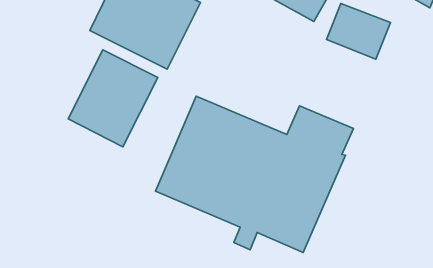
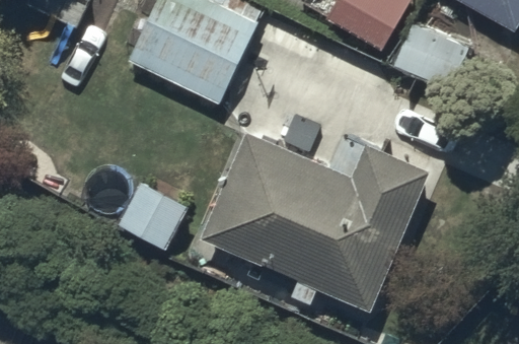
building: [68,50,158,147] -> none

